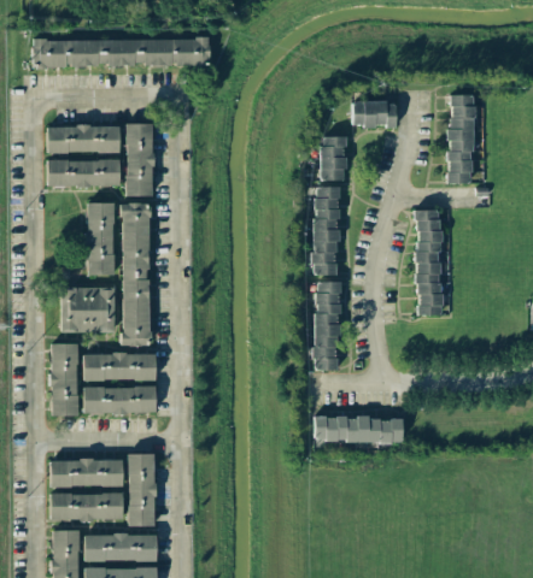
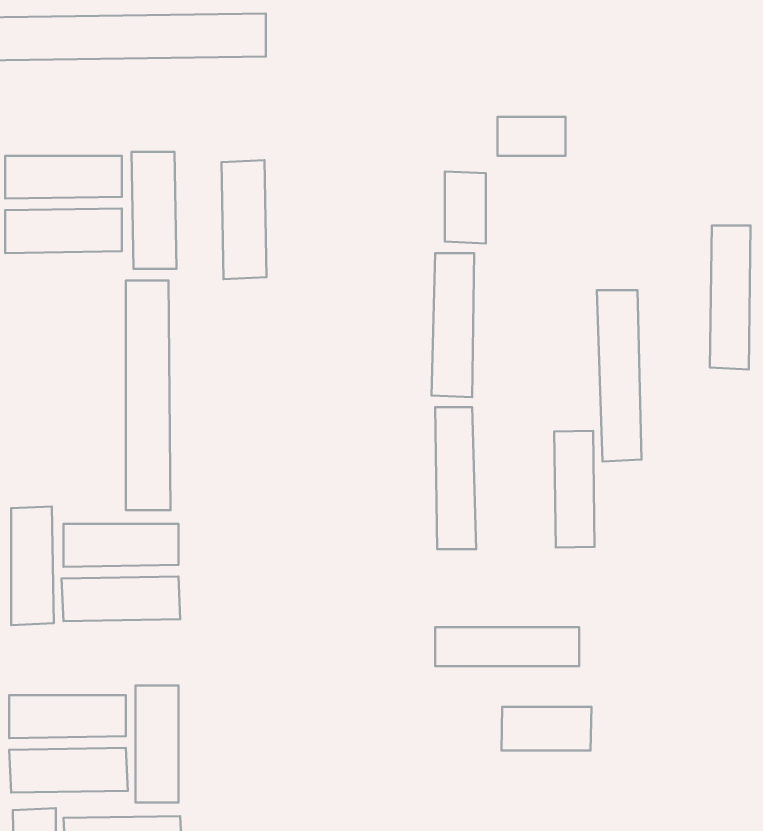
building: [449,95,474,184] -> [710,225,751,370]
building: [88,202,116,276] -> [222,160,266,279]
building: [61,288,116,332] -> none
building: none -> [554,431,595,547]
building: none -> [501,707,592,751]

